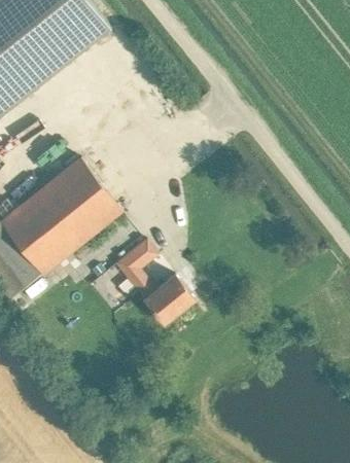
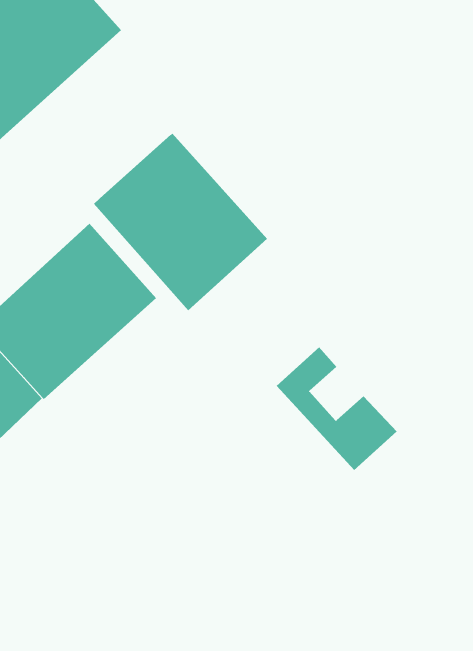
building: none -> [93,133,268,311]
building: [114,240,195,325] -> [276,346,398,471]

